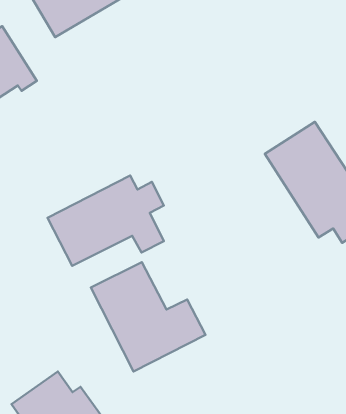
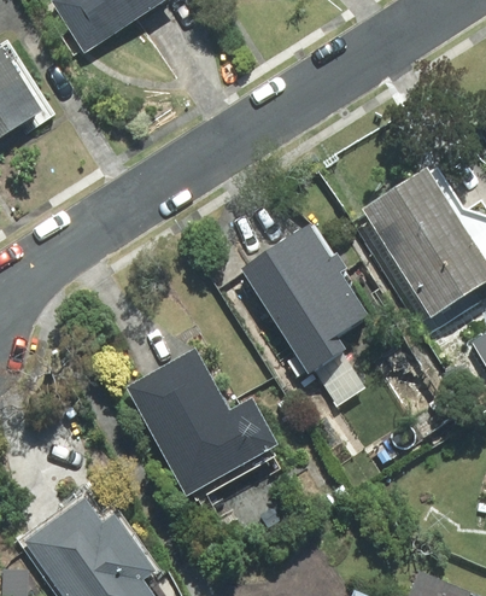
building: none -> [224,226,368,384]
building: [48,176,164,266] -> none

